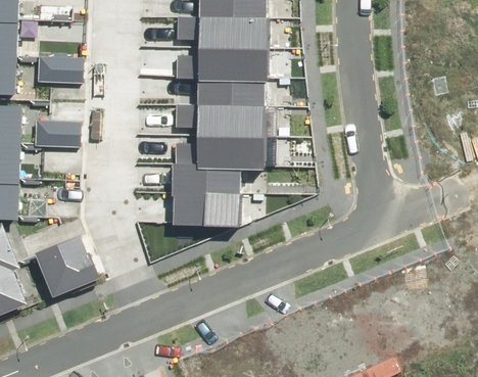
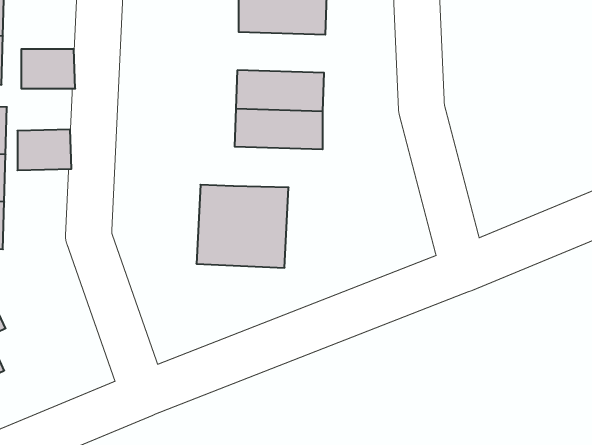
building: [201,44,270,76] -> none
building: [198,133,268,166] -> none
building: [25,247,87,304] -> none

